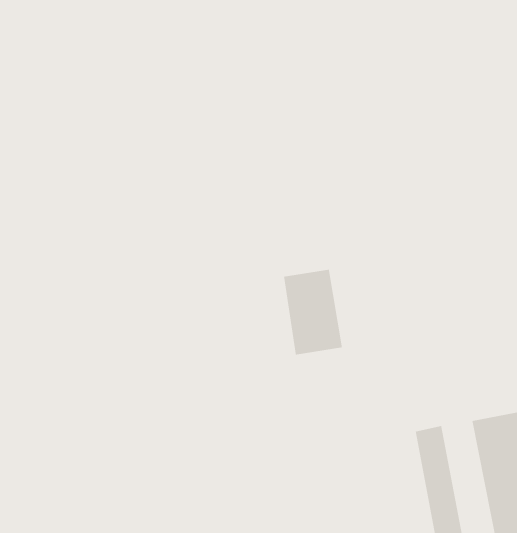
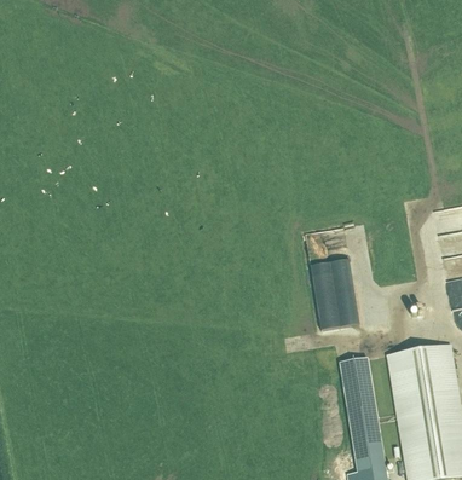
building: [283,269,343,355] -> [311,258,359,328]

